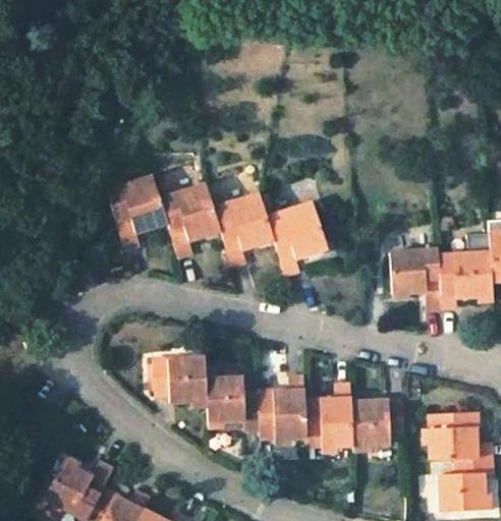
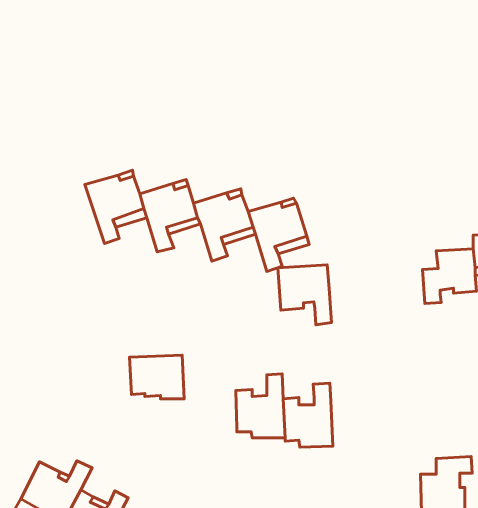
building: [389,249,442,308] -> [278,265,331,325]
building: [204,377,257,429] -> none
building: [349,400,402,447] -> none
building: [427,411,488,460] -> none

